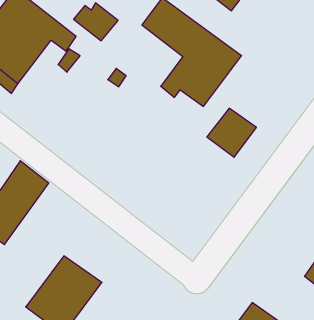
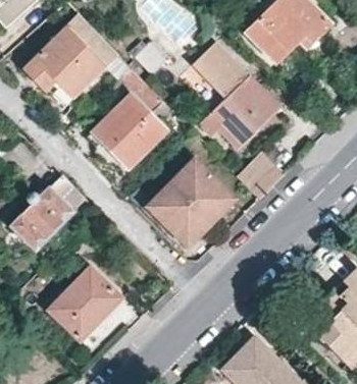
building: none -> [93,94,168,169]
building: none -> [147,159,234,246]

